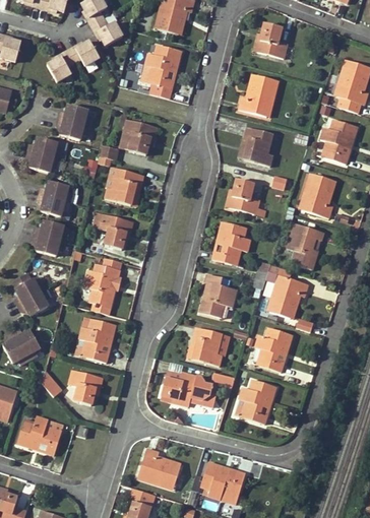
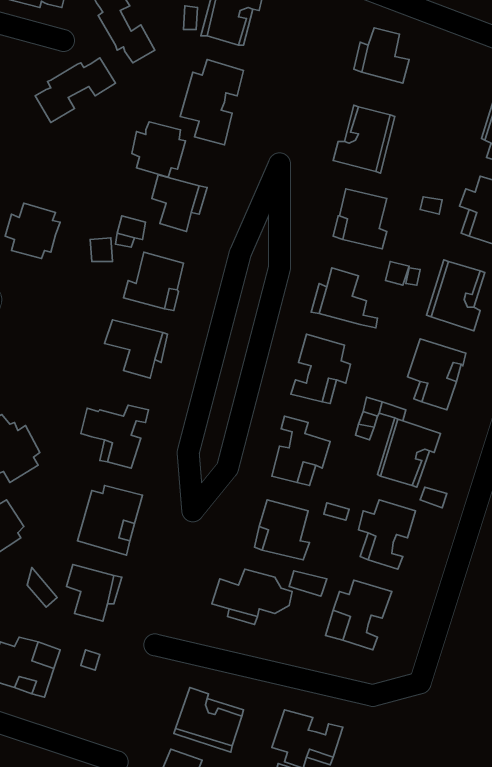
building: [59,106,94,141] -> [132,122,185,177]
building: [37,181,73,218] -> none
building: [32,221,68,257] -> none

